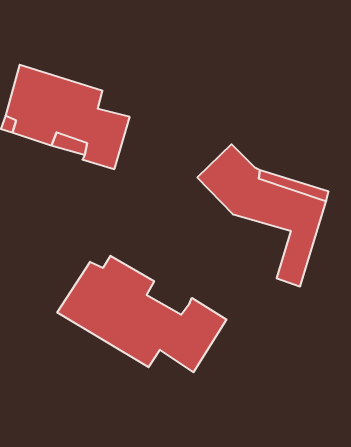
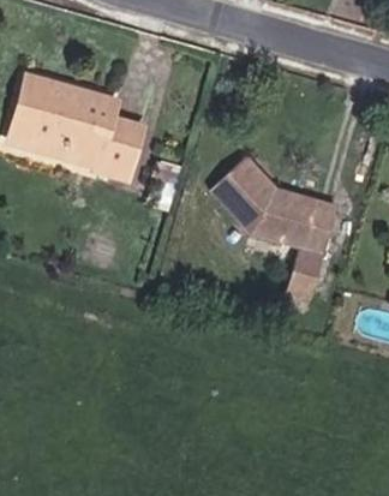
building: [57,256,226,372] -> none

